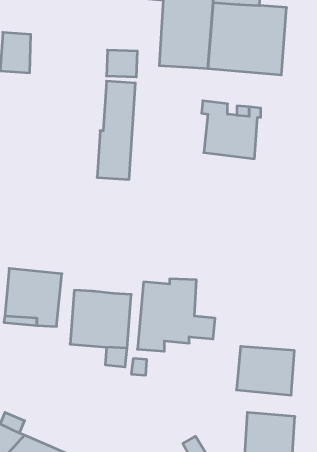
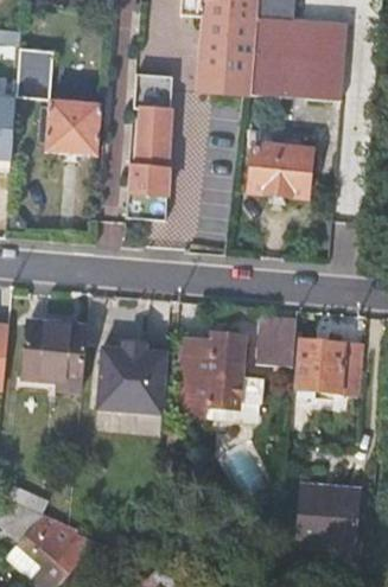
building: none -> [46,98,102,155]
building: none -> [255,317,297,368]
building: [236,346,294,395] -> [295,339,362,395]

